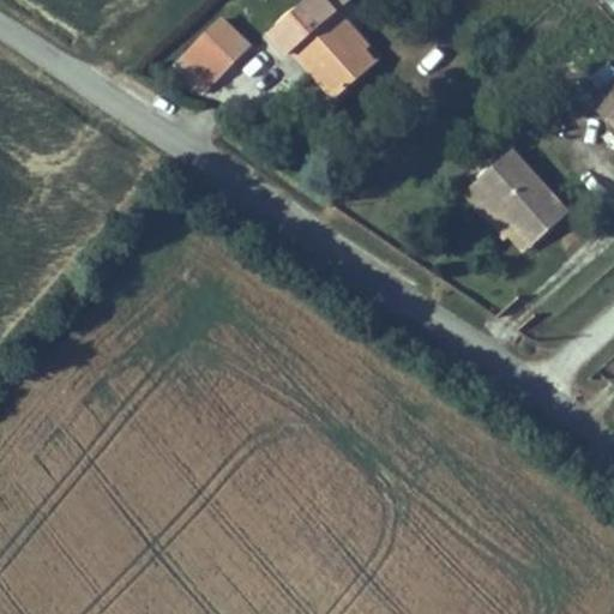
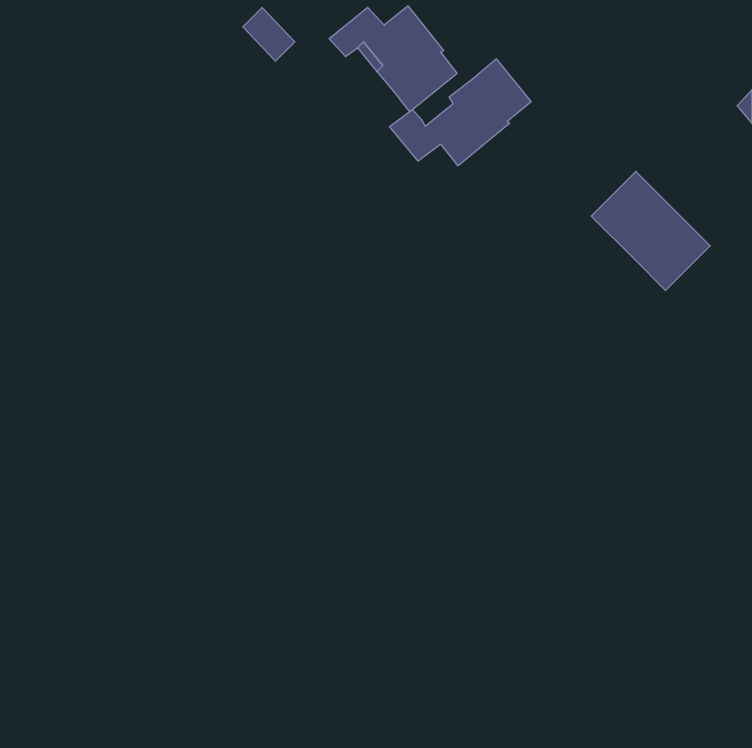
building: [174,32,222,80] -> none
building: none -> [390,59,531,166]

